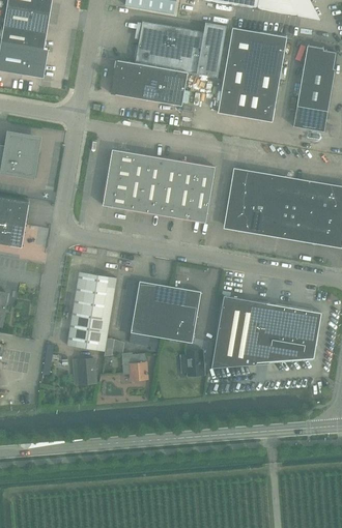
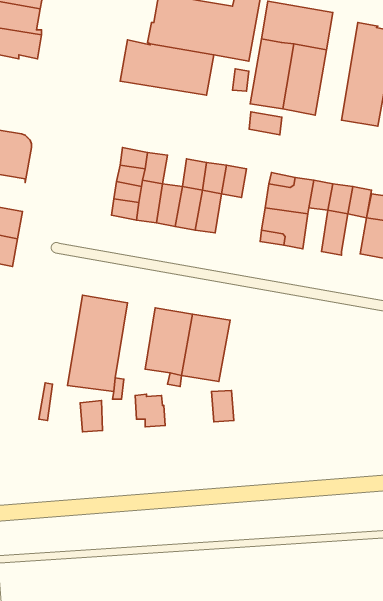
building: none -> [249,112,282,135]
building: [145,155,165,181] -> none
building: [189,187,210,223] -> none
building: [261,199,282,235] -> none
building: [293,204,314,237] -> none
building: [211,295,321,368] -> none

